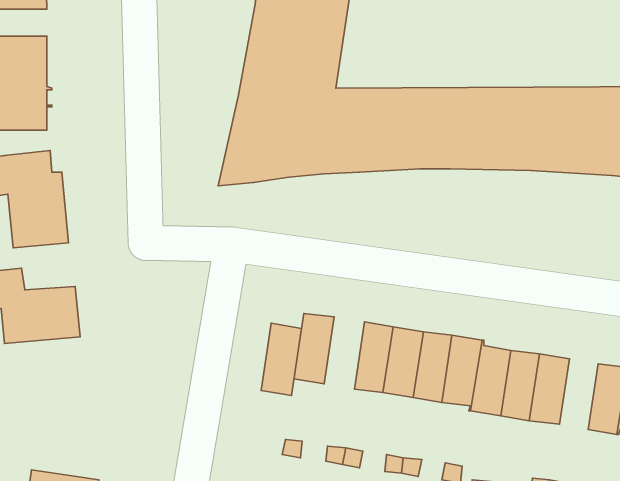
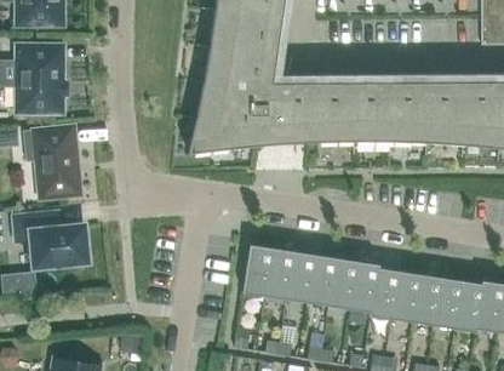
building: [261,323,301,396] -> [264,247,293,299]
building: none -> [434,278,462,329]

